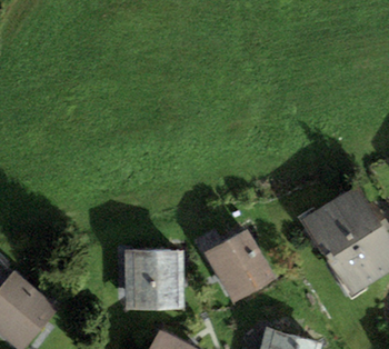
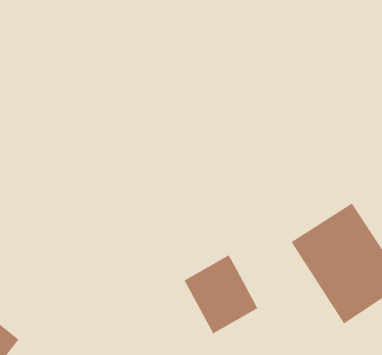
building: [123,249,182,310] -> none

